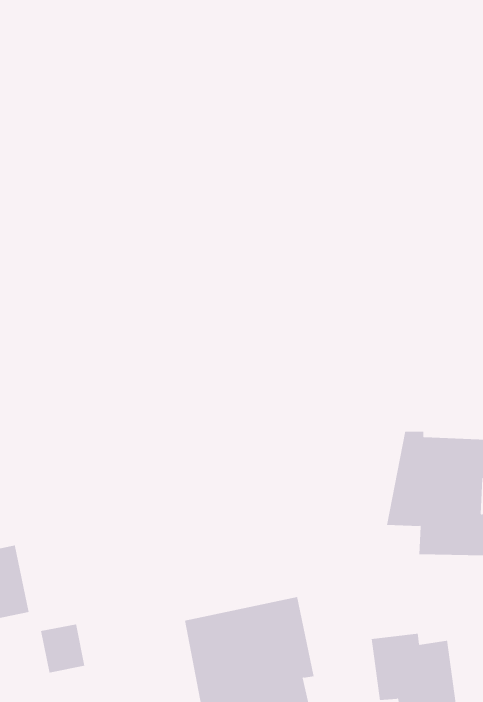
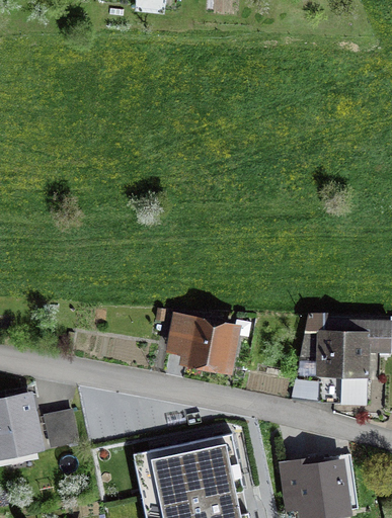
building: none -> [171,318,235,368]
building: [40,624,85,673] -> [46,412,78,447]

